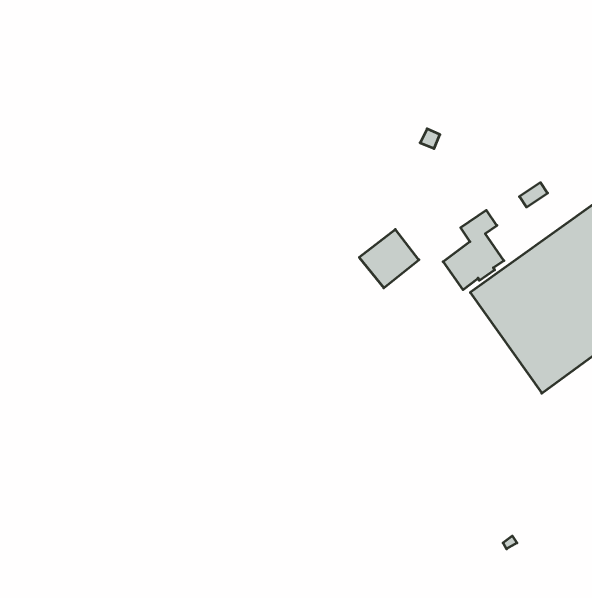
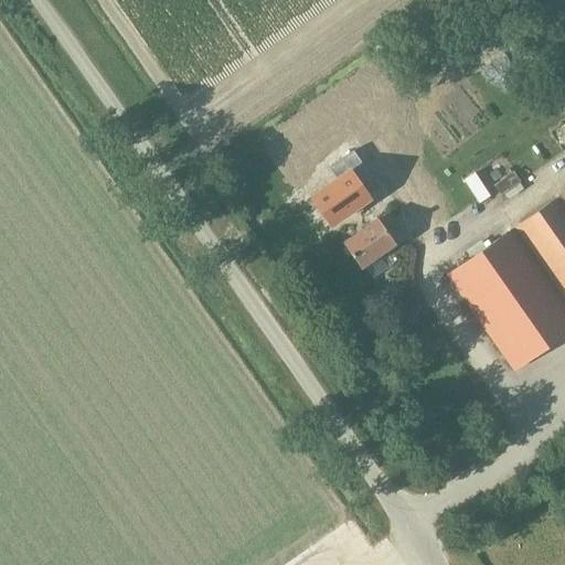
building: [443,210,504,290] -> [316,151,373,226]

